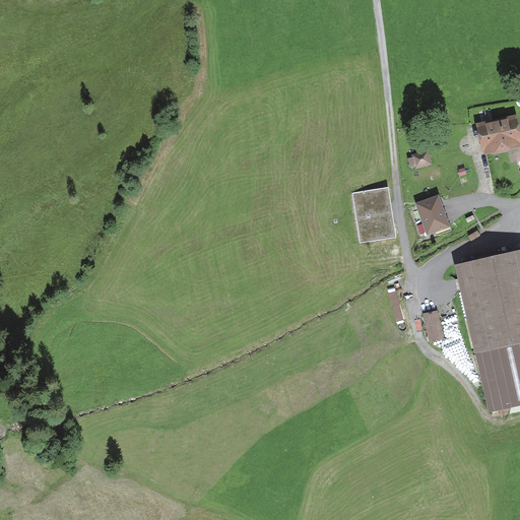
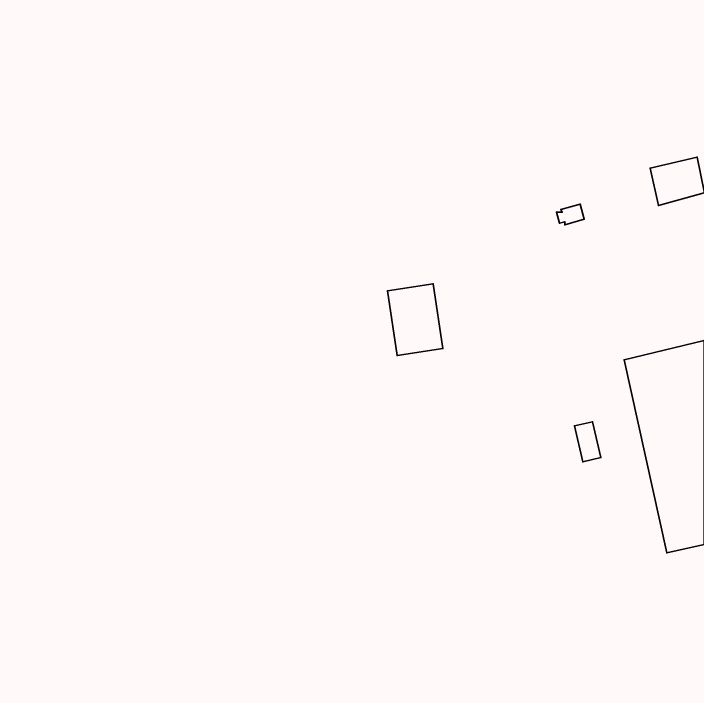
building: [353,188,394,241] -> [388,284,443,356]
building: [417,196,449,233] -> none

